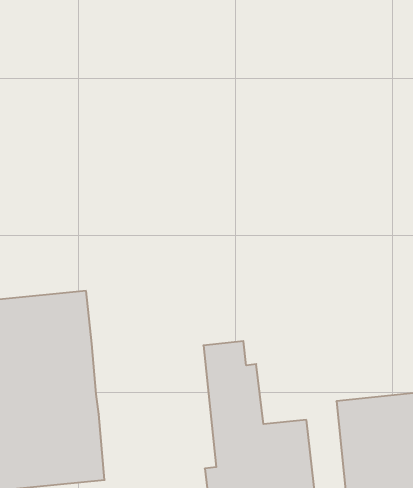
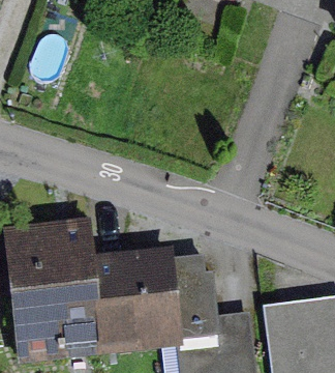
building: none -> [92,250,182,356]

